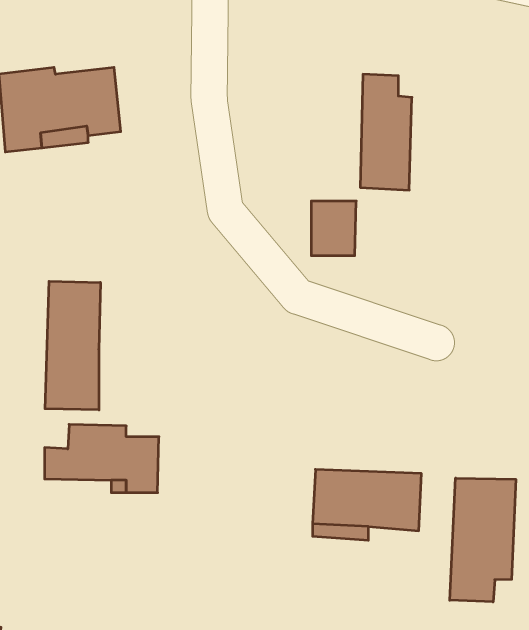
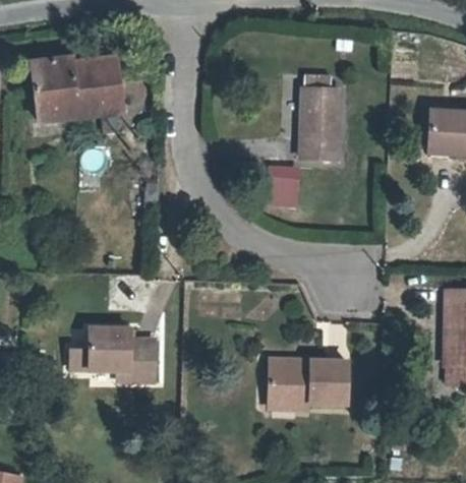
building: [45,281,100,410] -> none
building: [450,478,516,602] -> none

